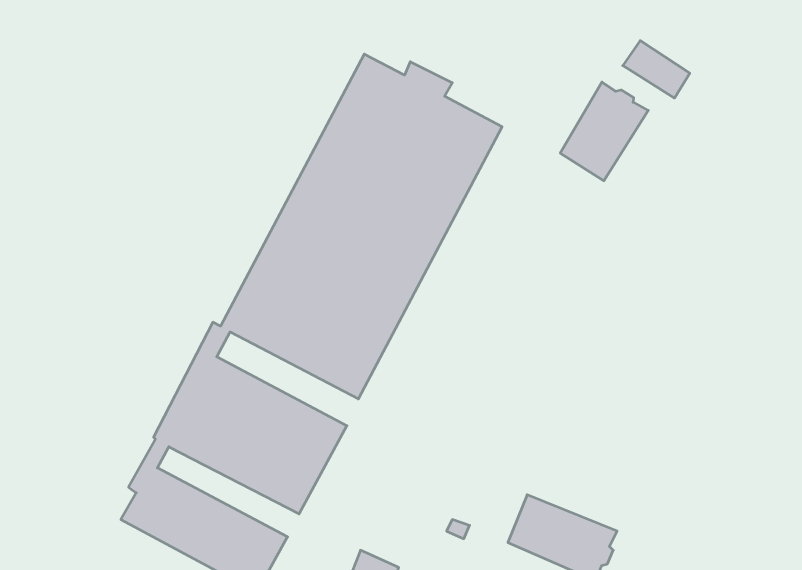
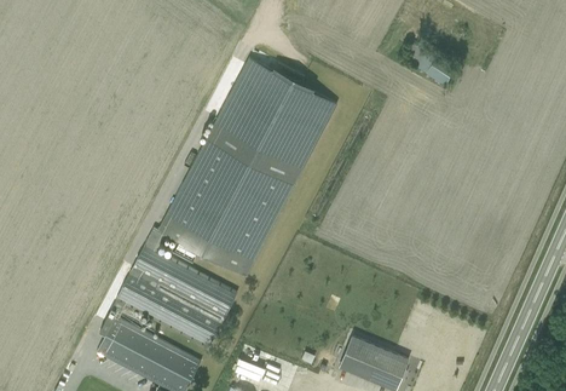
building: [560,82,648,181] -> none

